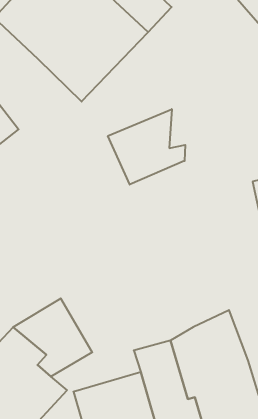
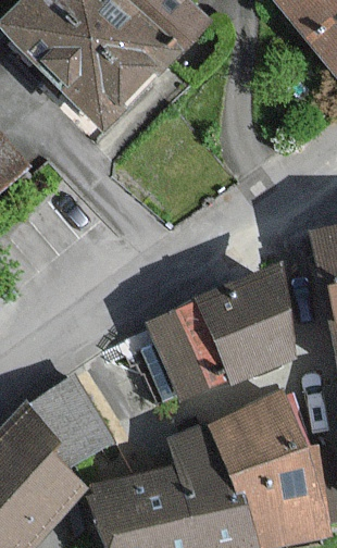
building: [108,109,185,185] -> none
building: none -> [132,266,290,401]

